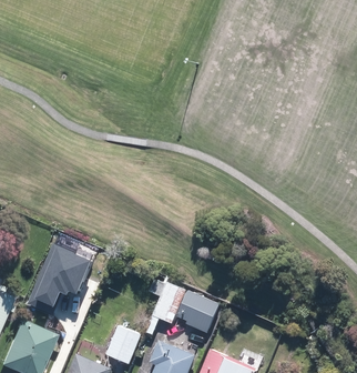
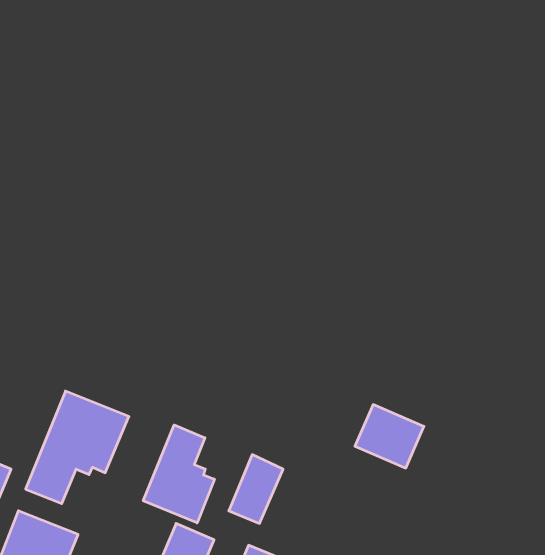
building: none -> [143,425,214,523]
building: [174,292,216,331] -> [355,405,424,468]

